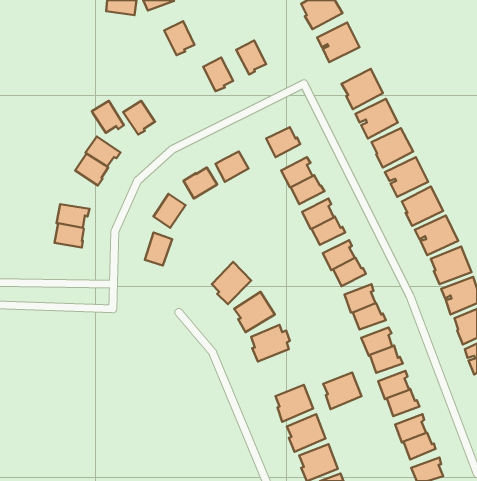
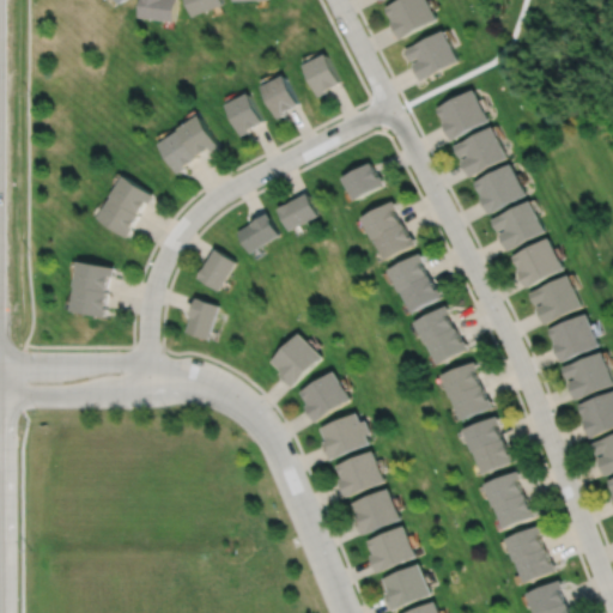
building: [164,21,194,55] -> [223,91,261,134]
building: [92,101,124,133] -> [178,113,219,153]
building: [323,373,362,409] -> [334,451,383,498]

